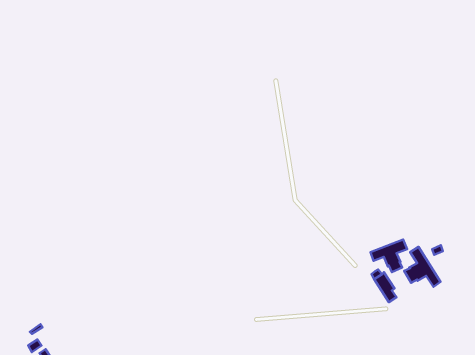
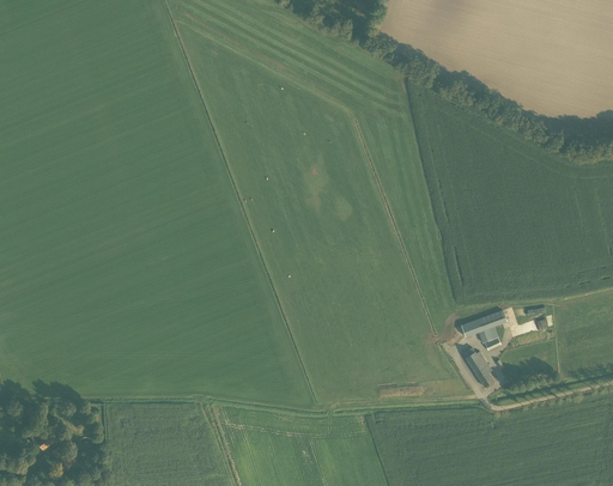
building: [404,247,441,287] -> none

